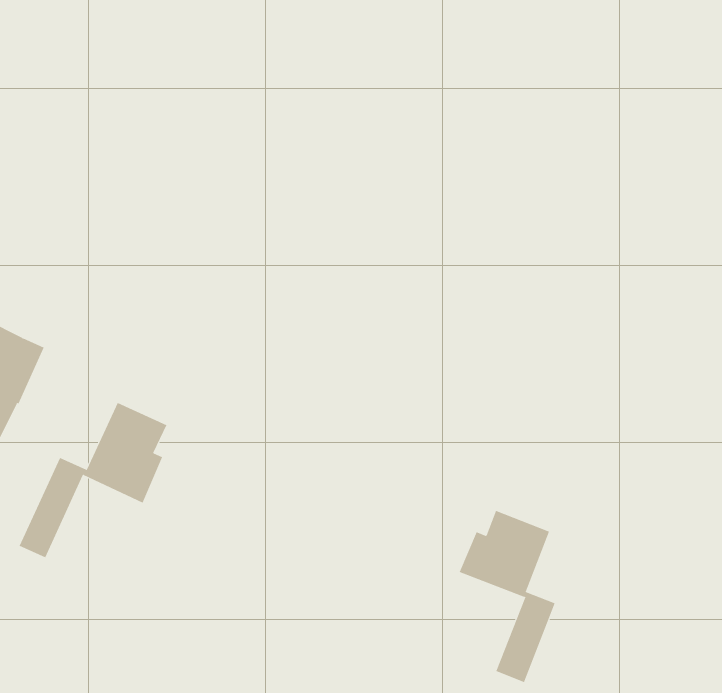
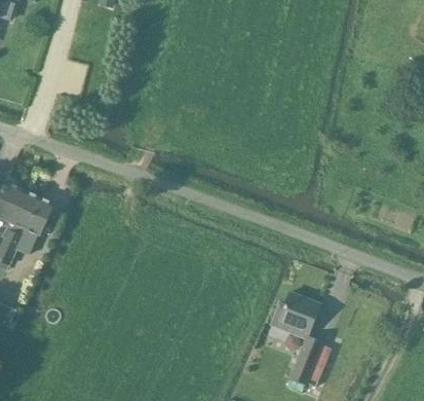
building: [19,402,167,558] -> none

